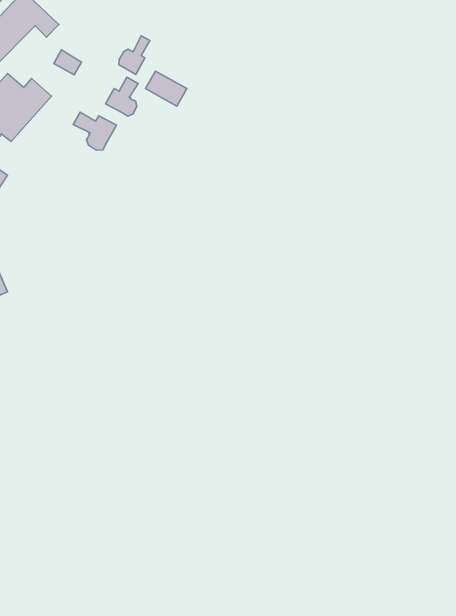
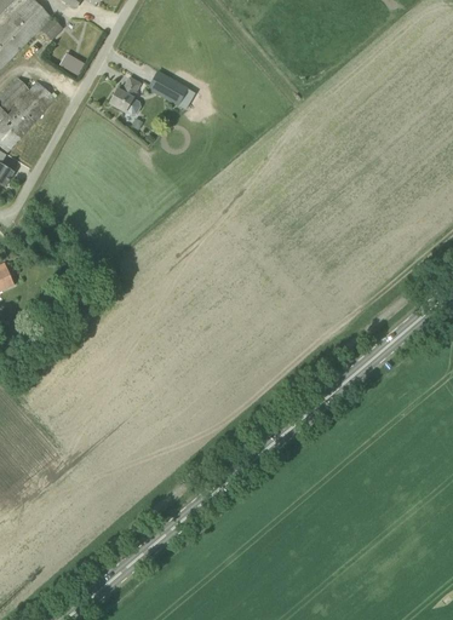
building: [119,36,150,75] -> none
building: [73,112,116,150] -> none

